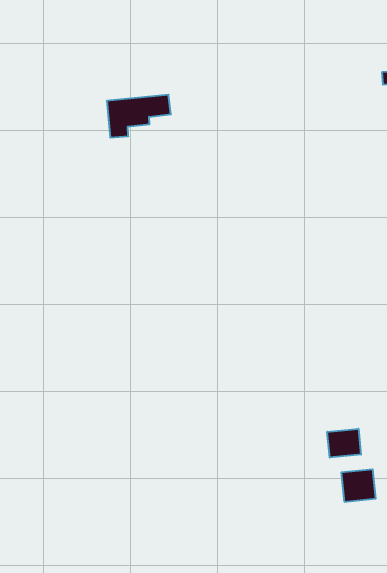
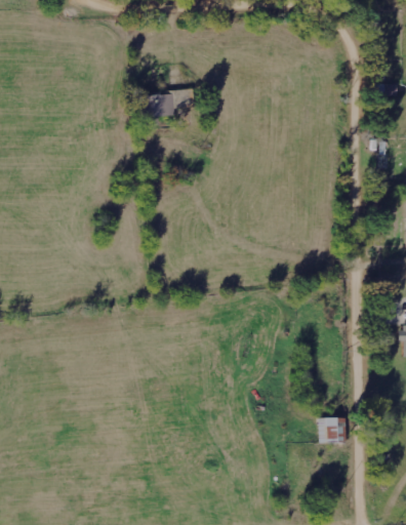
building: [327,429,361,458] -> none

